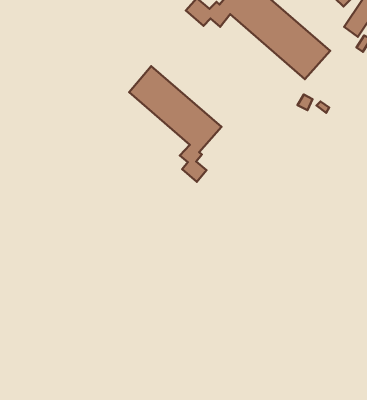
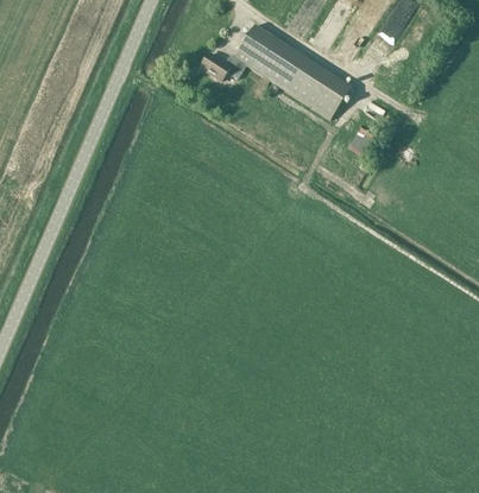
building: [129,66,221,182] -> none

